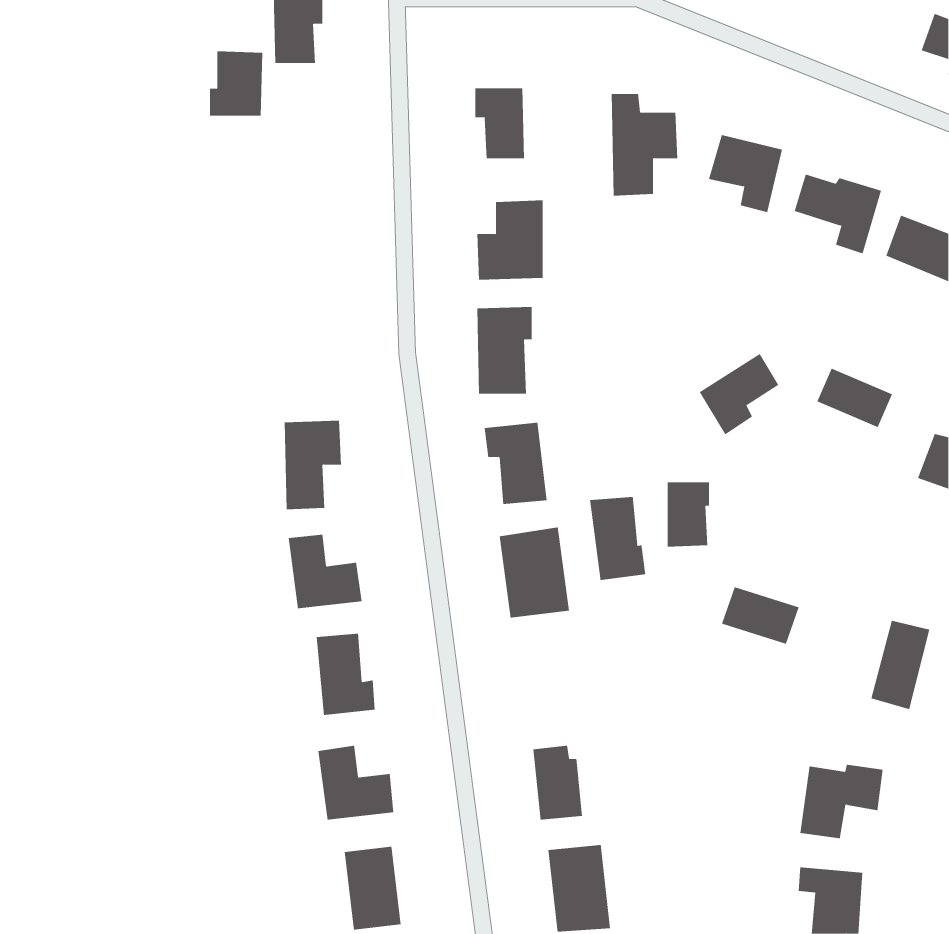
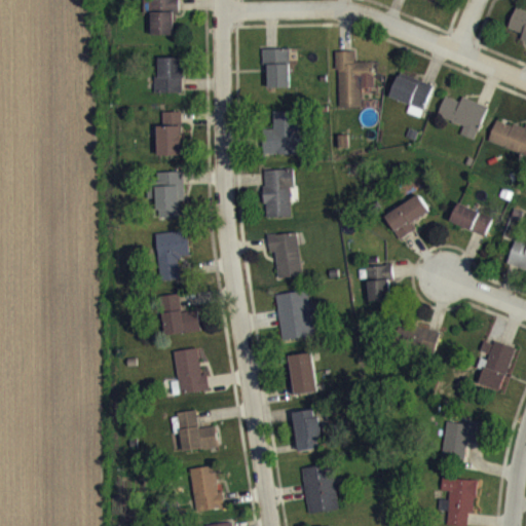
building: [209,51,263,116] -> [153,57,183,92]
building: none -> [156,111,181,155]
building: none -> [155,171,183,218]
building: [589,496,646,581] -> none
building: none -> [289,352,316,394]

